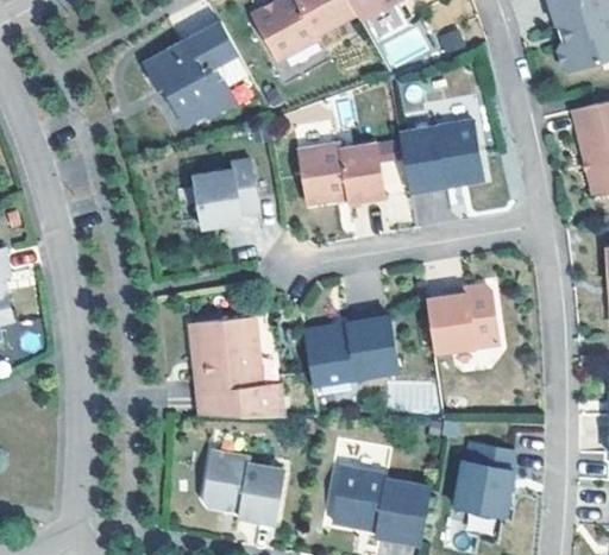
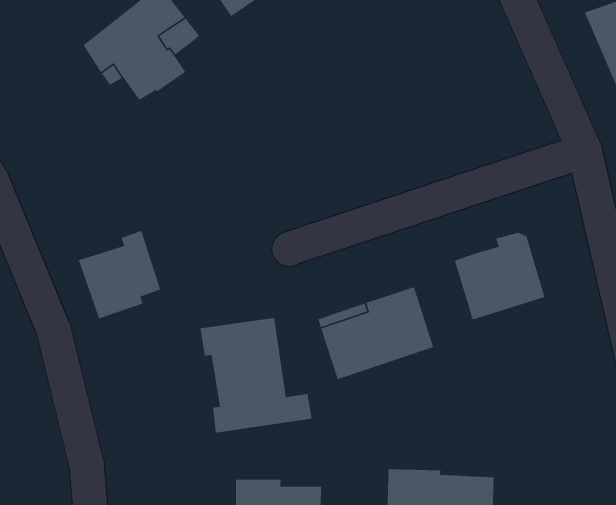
building: [400,121,483,191] -> none
building: [297,141,384,201] -> none
building: [189,158,256,228] -> [78,230,161,320]
building: [453,444,510,517] -> none

